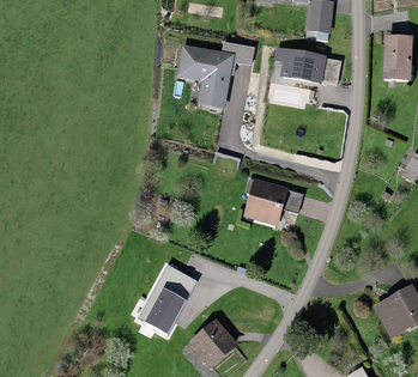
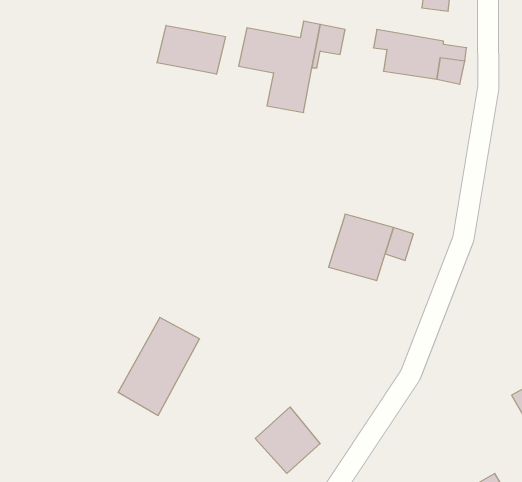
building: none -> [157,25,225,74]
building: [138,263,196,334] -> [118,317,200,415]

